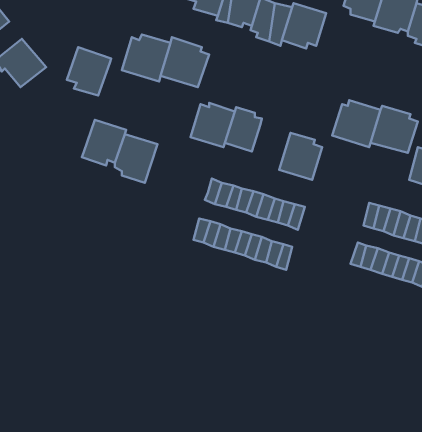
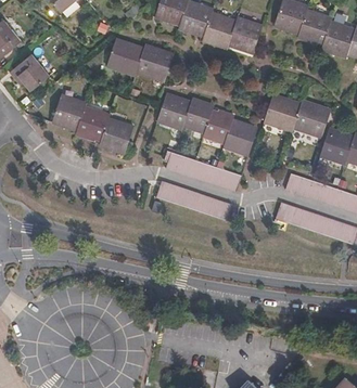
building: [67,47,111,96] -> [53,99,87,135]
building: none -> [205,112,235,145]

